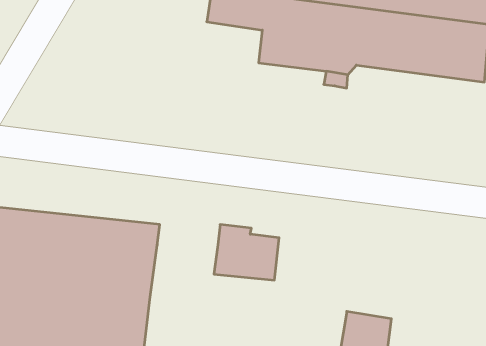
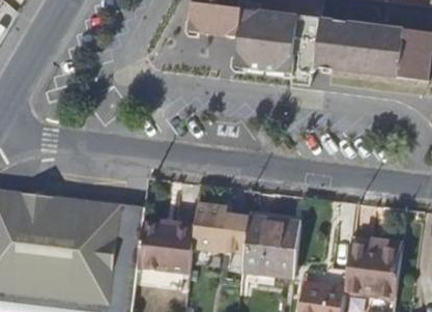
building: none -> [241,217,298,276]
building: none -> [137,222,195,274]
building: none -> [344,237,402,292]

